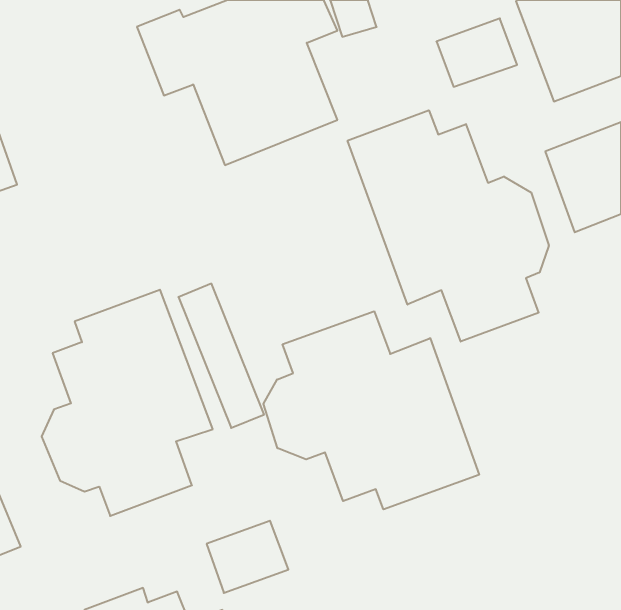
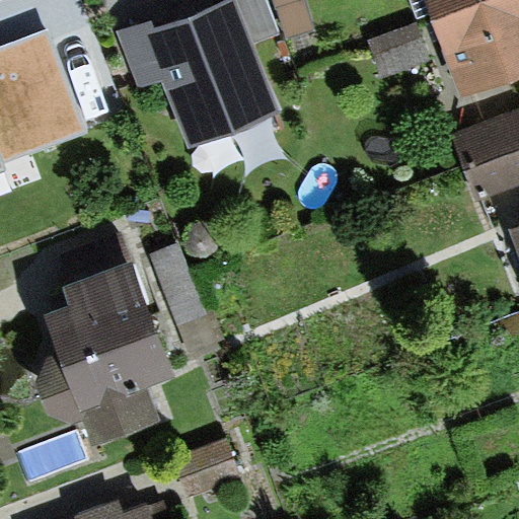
building: none -> [14,43,102,131]
building: [348,110,549,342] -> none
building: [263,311,479,509] -> none

